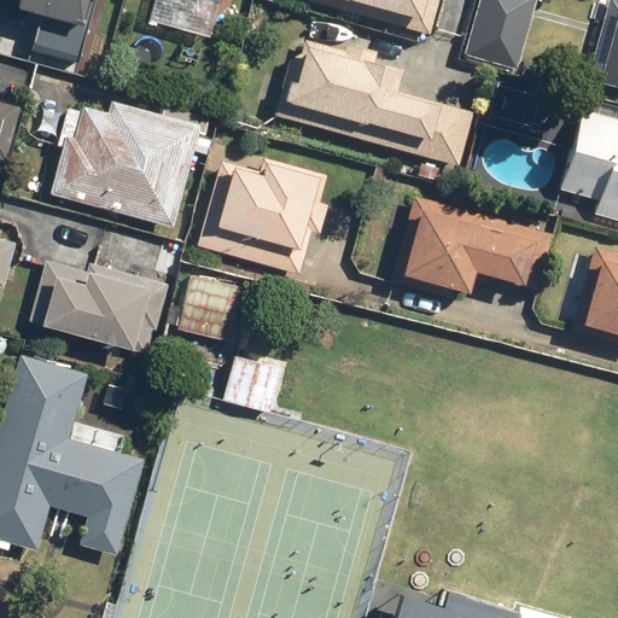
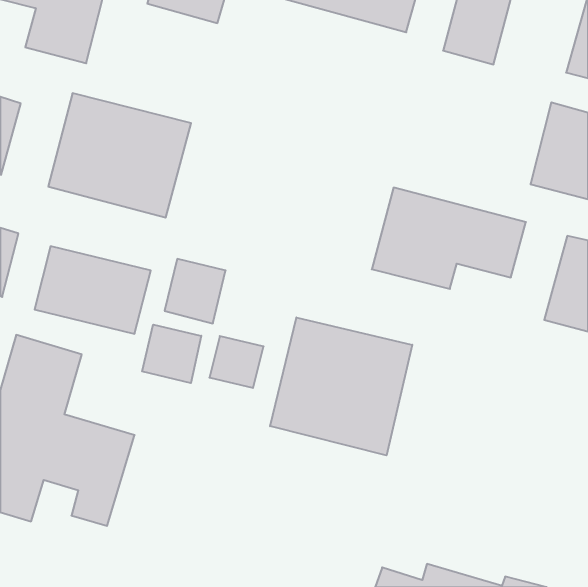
building: [280,40,478,168] -> none
building: [199,156,334,275] -> none
building: none -> [270,317,412,455]
building: none -> [142,325,201,383]

